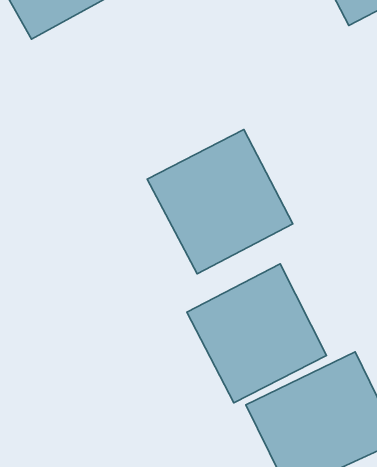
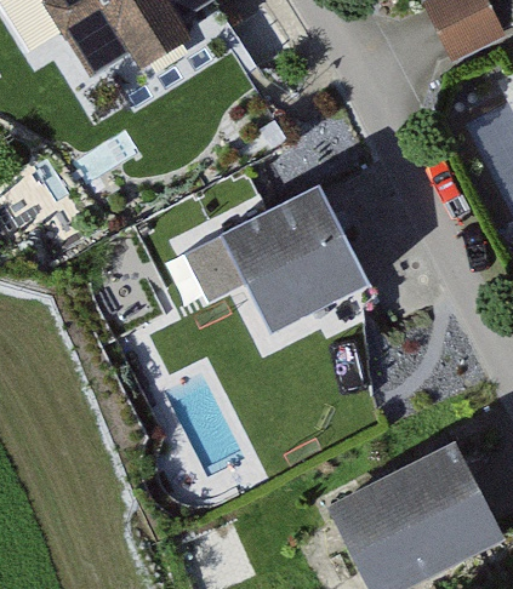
building: [187,264,326,403] -> none

